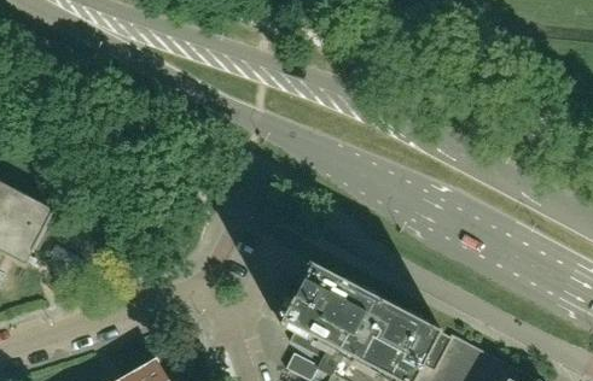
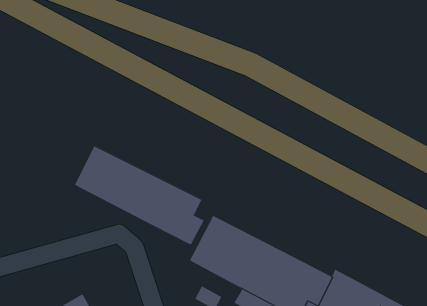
building: none -> [74,146,204,245]

